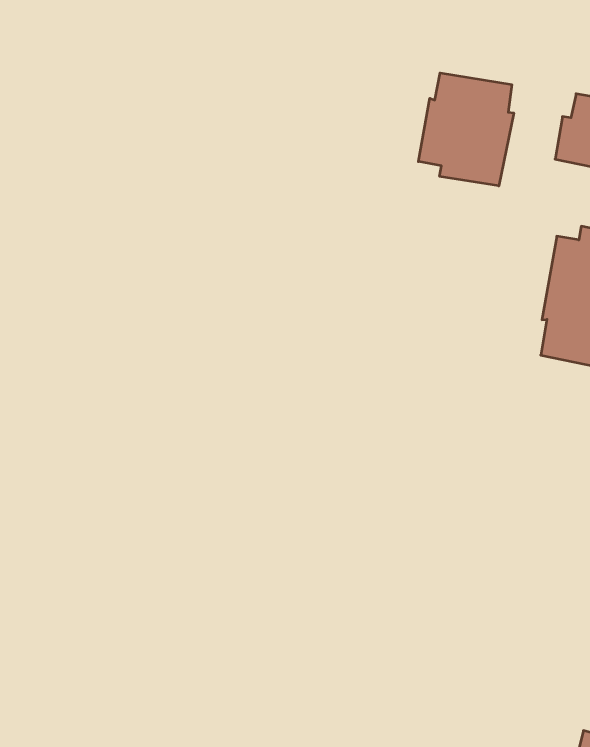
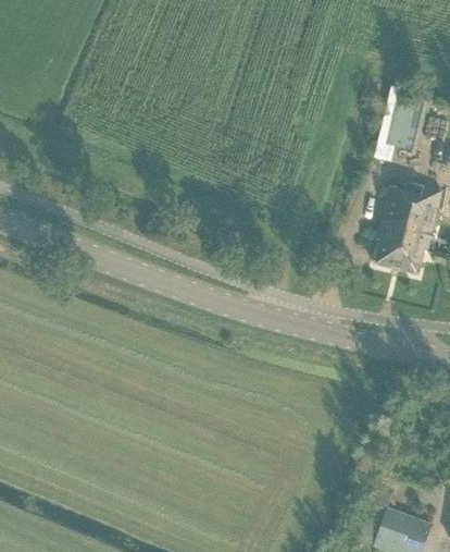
building: [418,73,514,186] -> none

